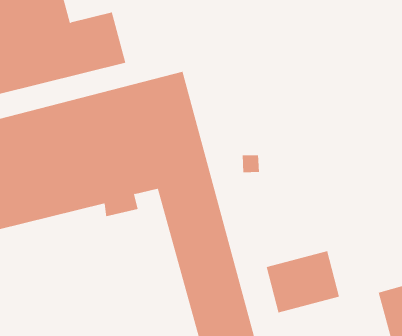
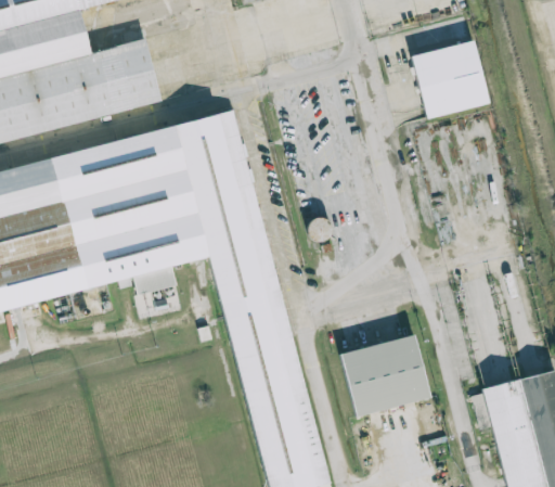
building: none -> [410,38,487,116]

